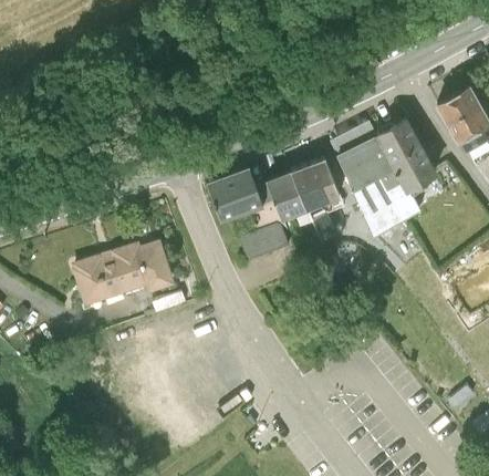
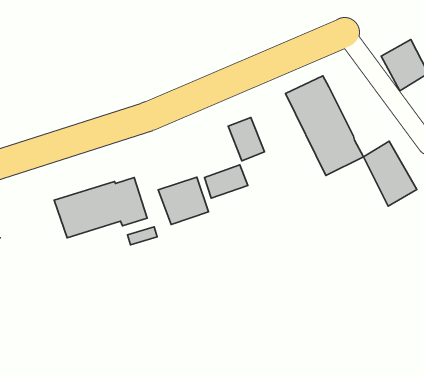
building: [377,118,437,192] -> [363,141,417,206]
building: [290,158,337,209] -> none
building: [206,168,262,221] -> [158,177,209,225]

